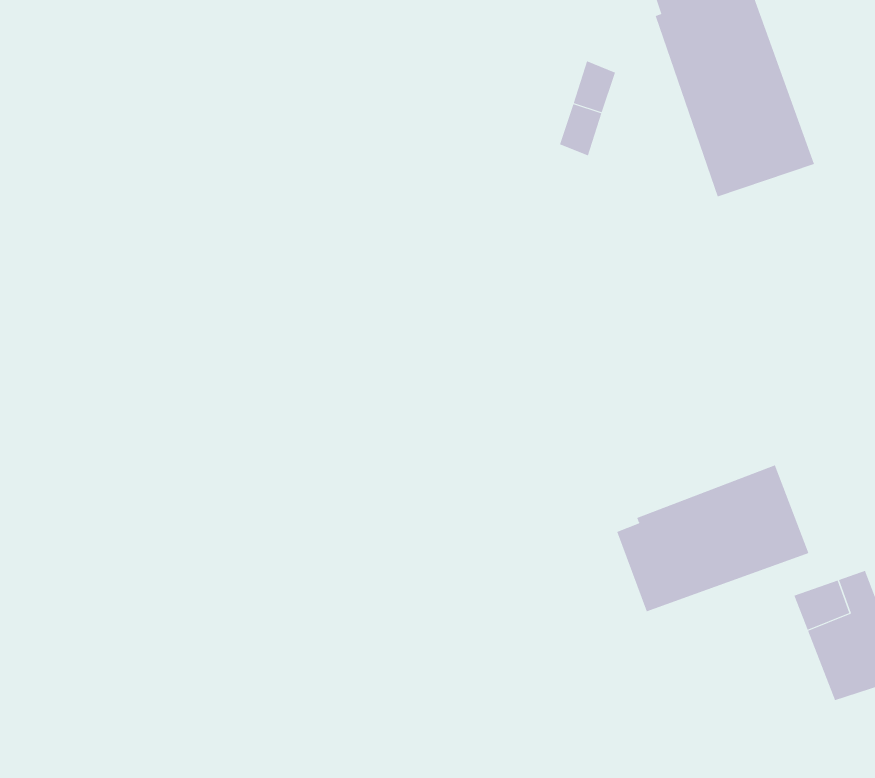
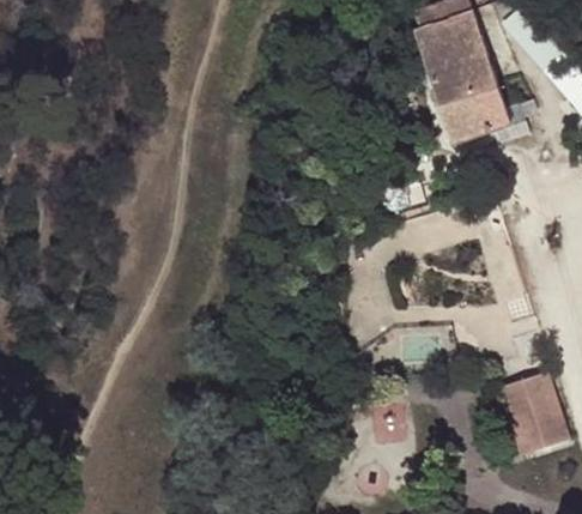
building: [616,465,809,612] -> none

